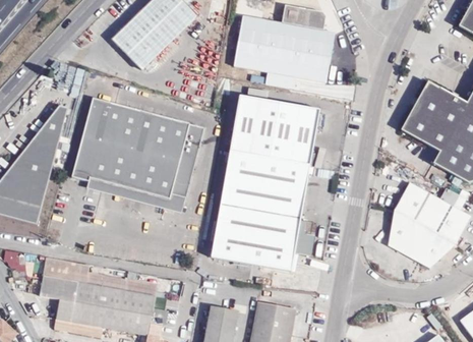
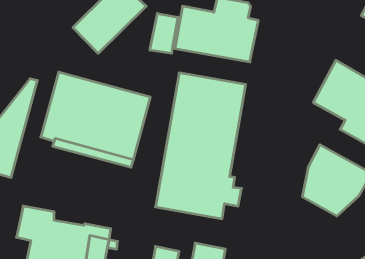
building: none -> [150,13,178,53]

